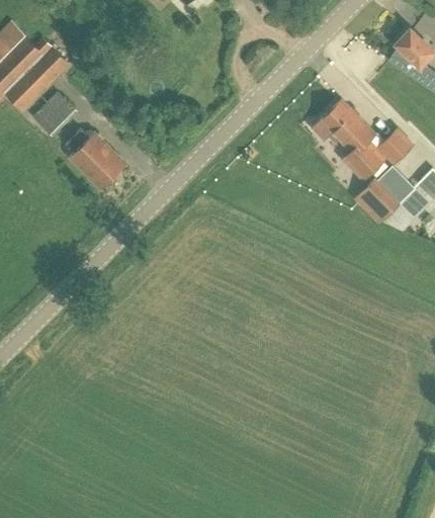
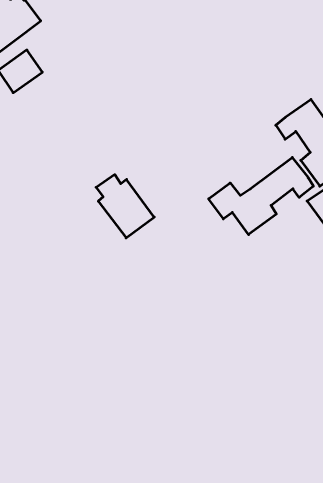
building: [66,128,126,188] -> [96,175,154,238]
building: none -> [209,157,313,235]

